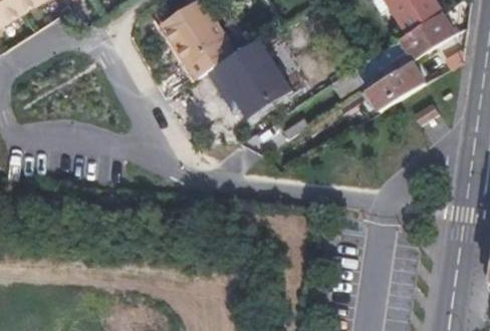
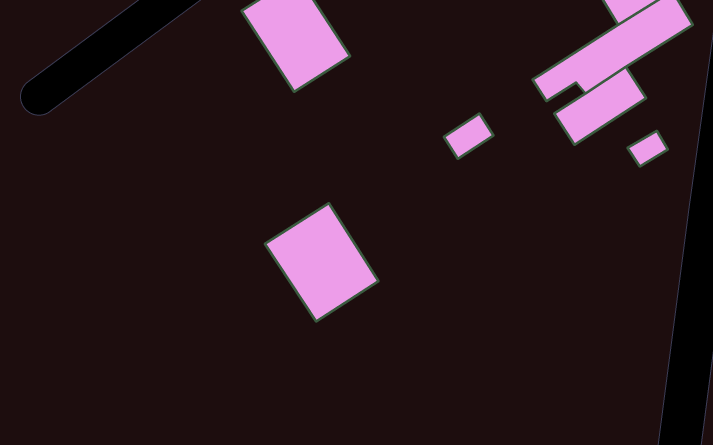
building: [207,47,280,123] -> [265,203,379,322]

